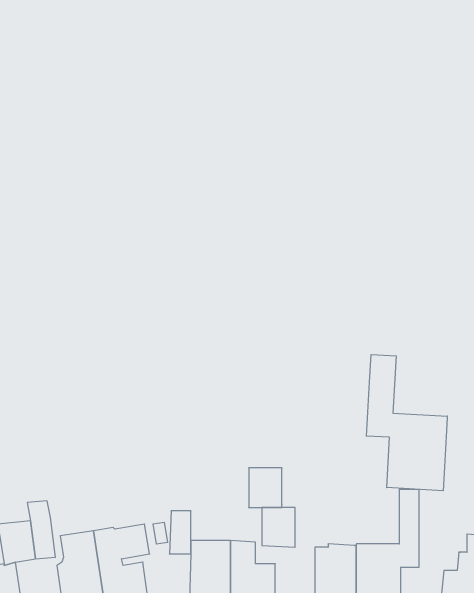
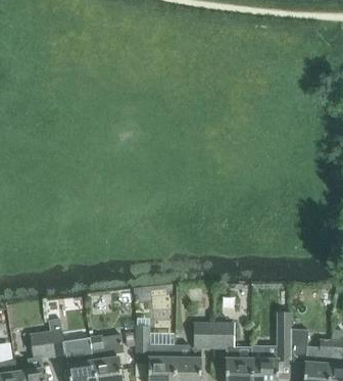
building: [366,355,447,491] -> none
building: [249,468,282,508] -> [212,323,233,347]
building: none -> [289,328,307,362]

